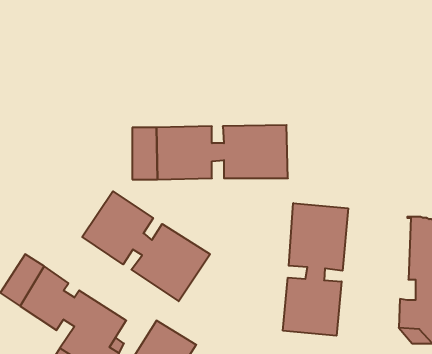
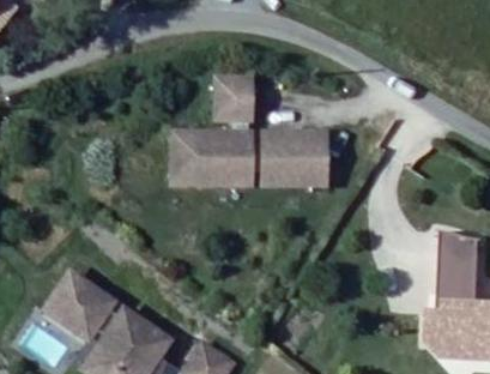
building: none -> [212,83,248,125]
building: [82,191,210,301] -> none
building: [283,203,348,336] -> none

